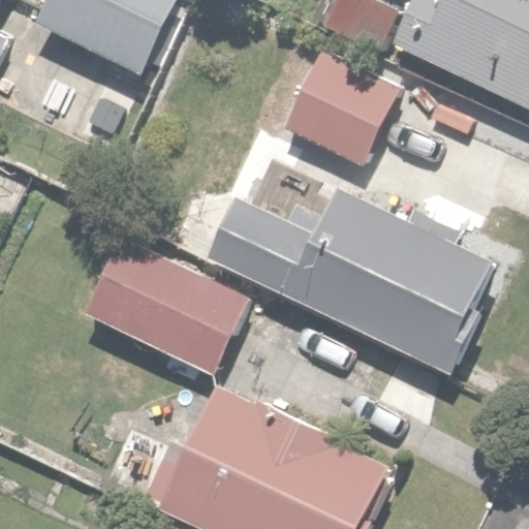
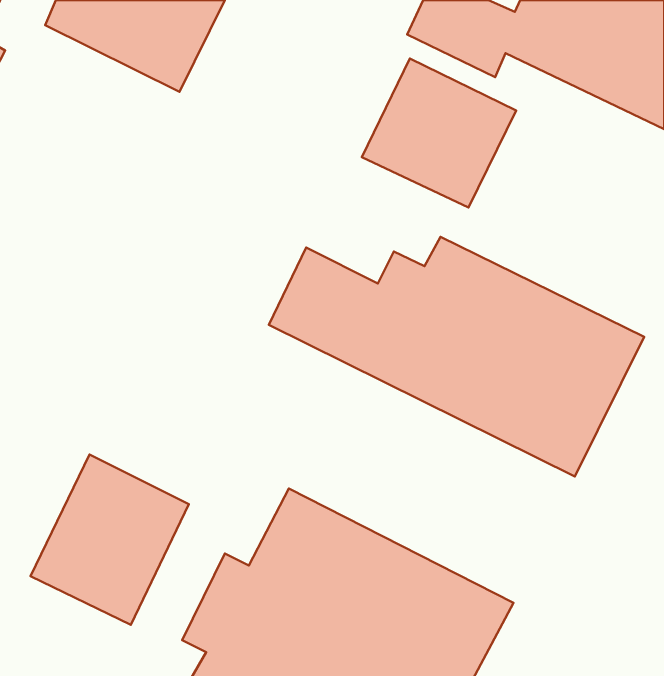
building: [82,236,250,375] -> none
building: none -> [30,454,189,625]

